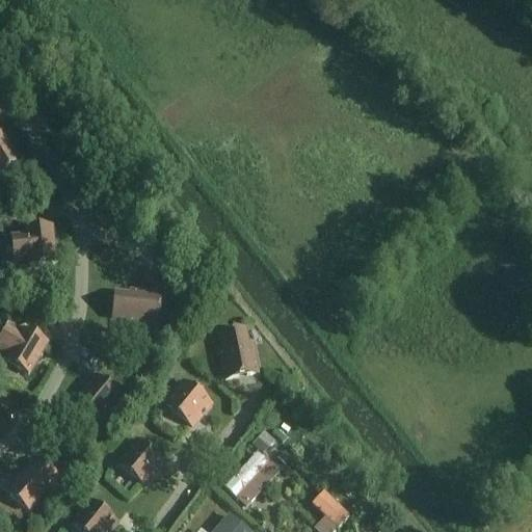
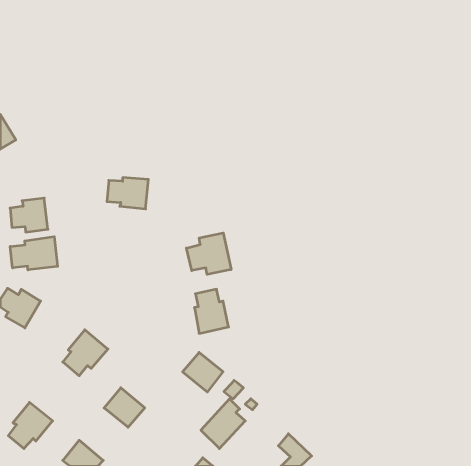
building: none -> [186,233,231,274]
building: none -> [10,237,58,270]
building: [112,287,159,322] -> [107,178,148,209]
building: [164,378,210,423] -> [183,352,223,392]

